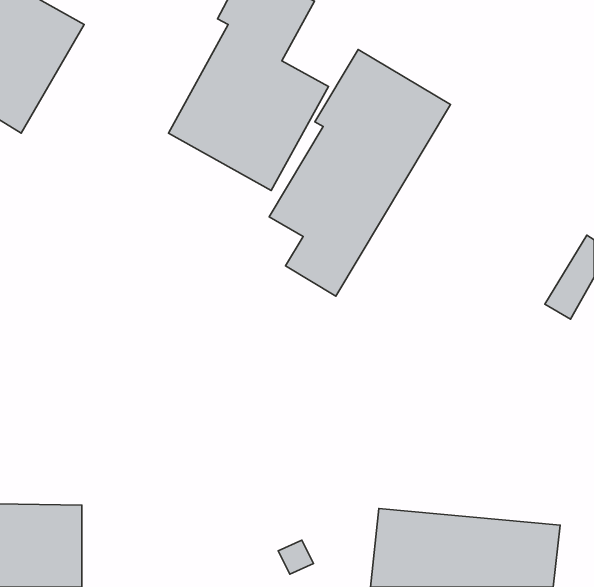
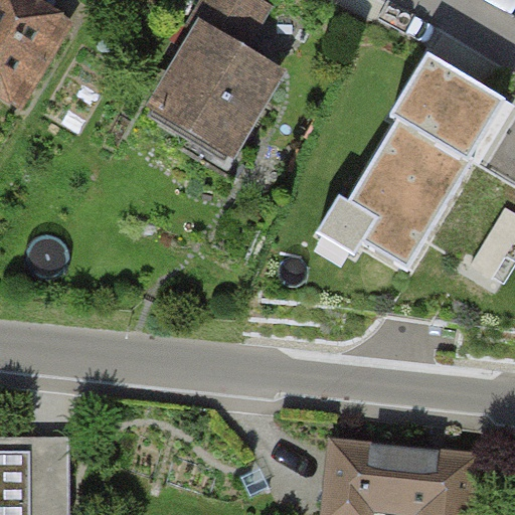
building: [269,49,451,296] -> [348,62,504,275]

